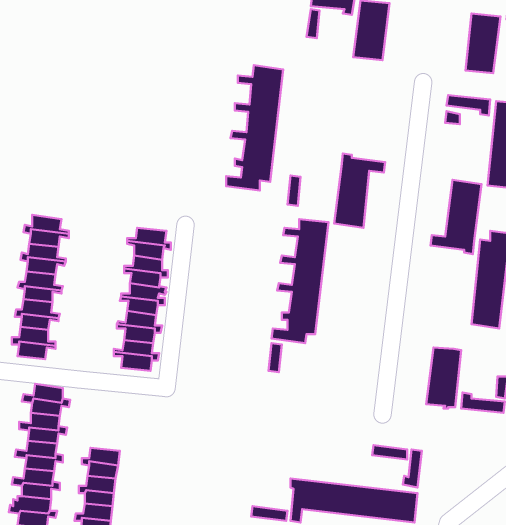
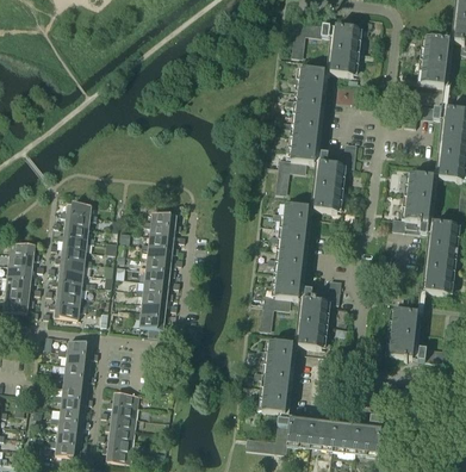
building: [226,65,283,191] -> [279,67,325,169]
building: none -> [298,286,340,347]
building: none -> [251,340,293,412]

